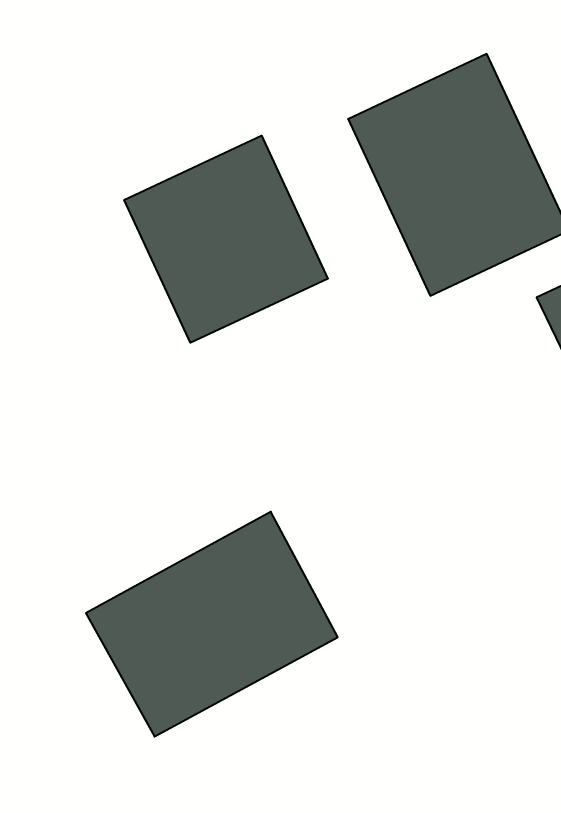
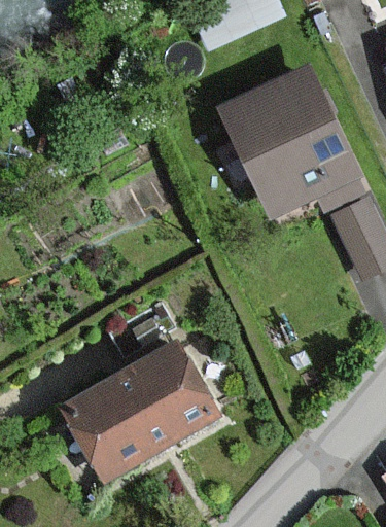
building: [124,136,328,343] -> none

